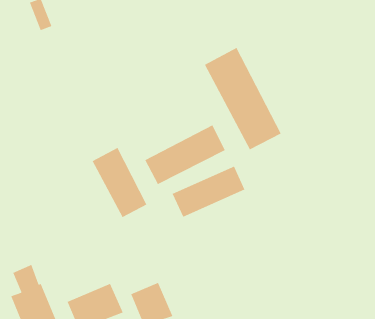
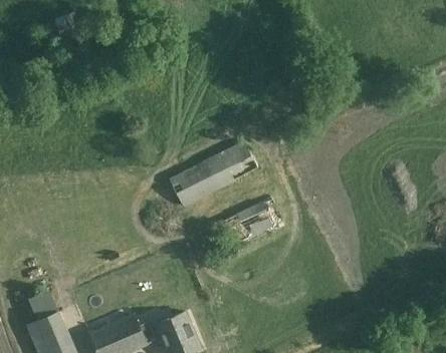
building: [204,47,282,151] -> none
building: [92,147,148,218] -> none

